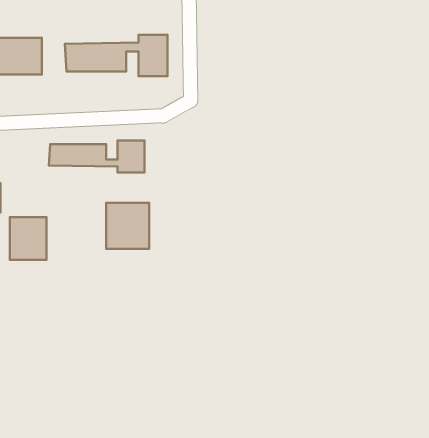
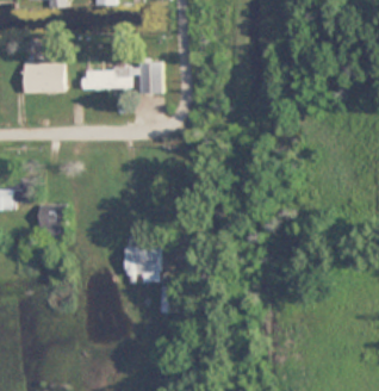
building: [49,141,145,172] -> none
building: [106,203,149,249] -> [126,244,160,280]

